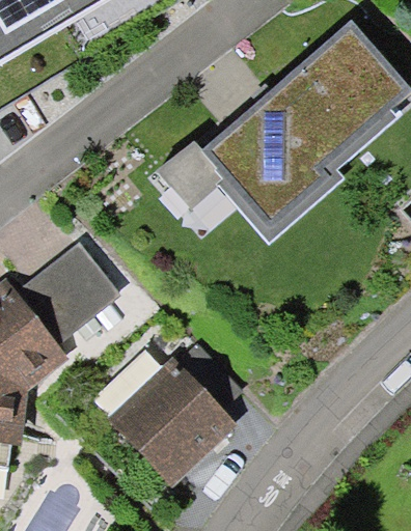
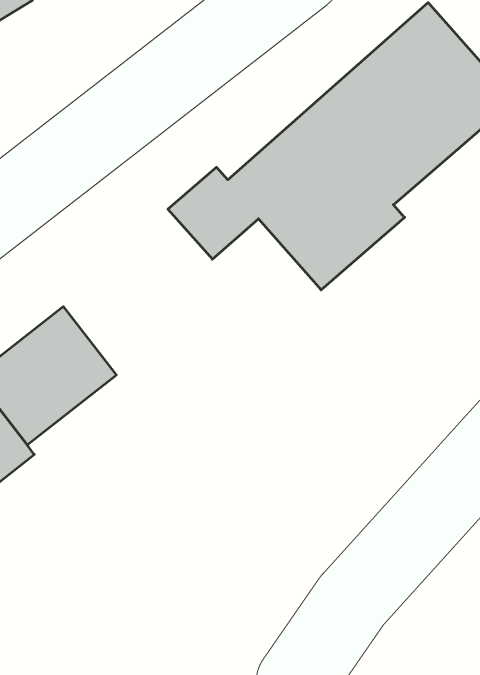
building: [90,348,241,484] -> none

